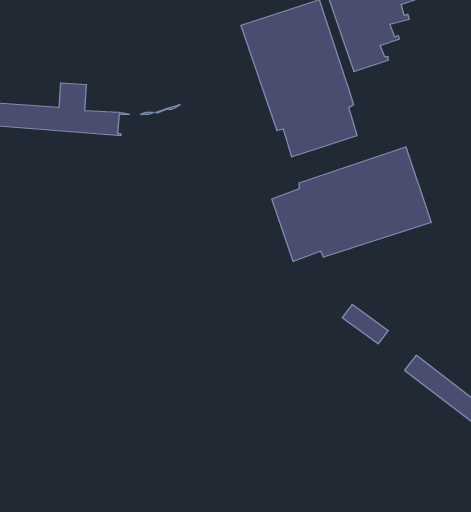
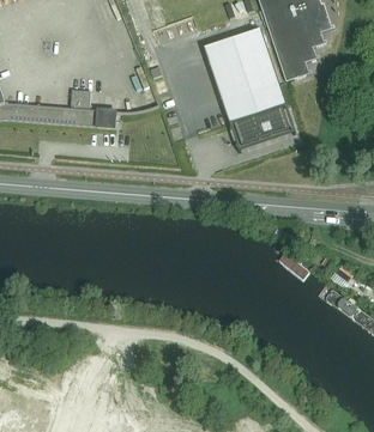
building: [272,147,431,262] -> none

